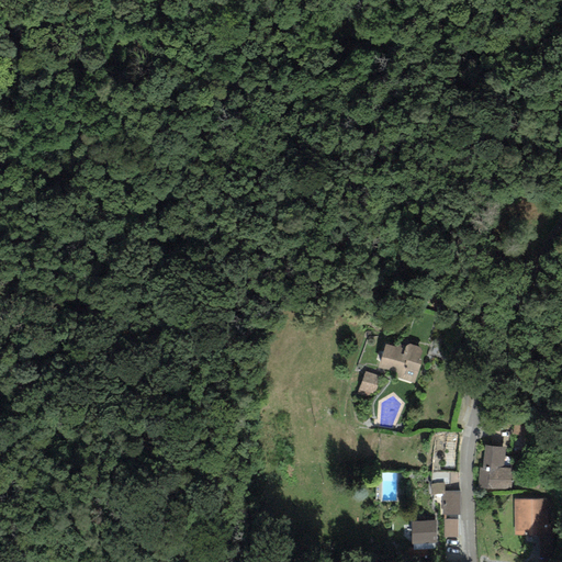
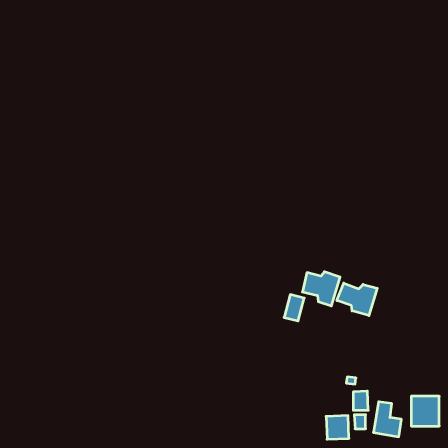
building: none -> [337,283,377,316]
building: [481,446,516,490] -> [373,402,401,437]

